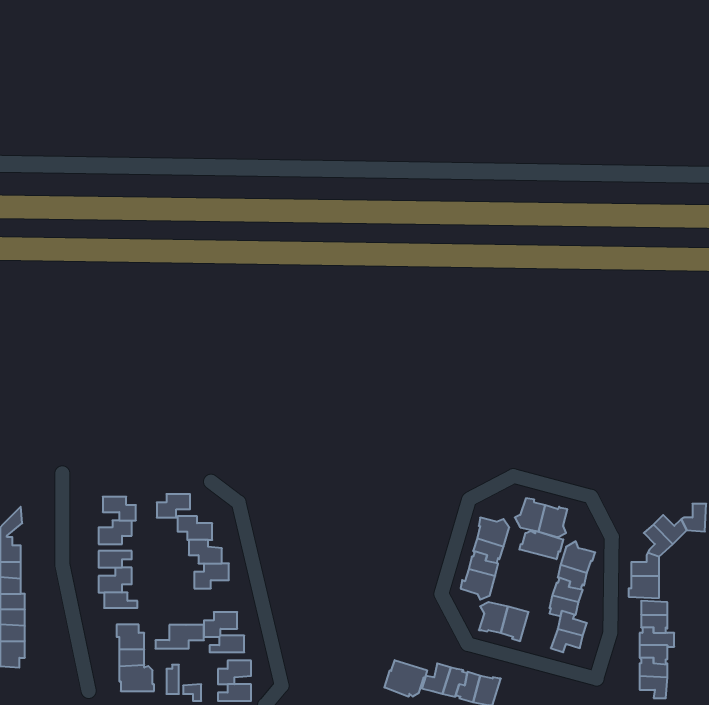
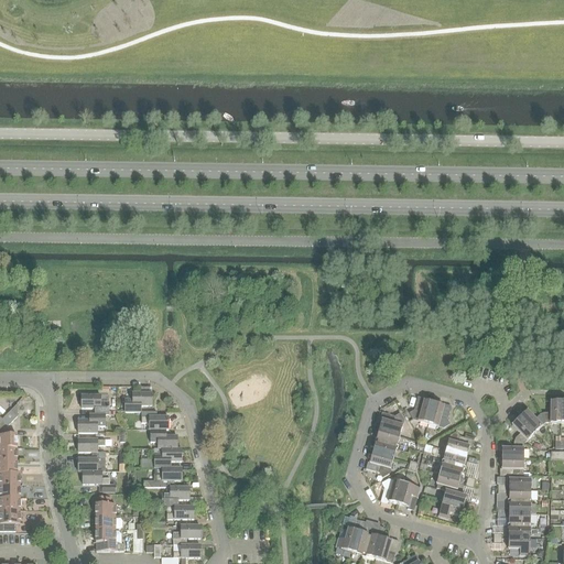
building: [519,531,563,559] -> none
building: [155,625,204,649] -> [143,467,182,486]
building: [384,660,427,697] -> none

